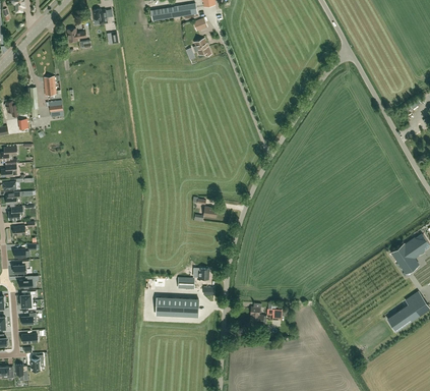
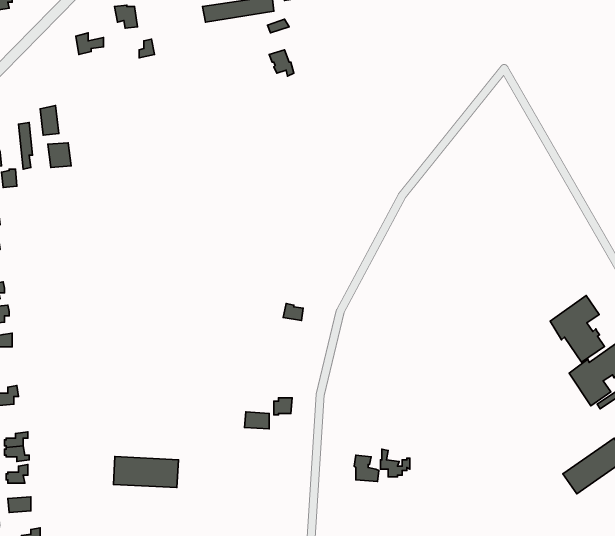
building: none -> [550,295,604,362]
building: [157,295,199,316] -> [113,457,178,488]

